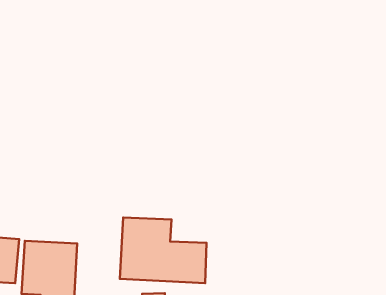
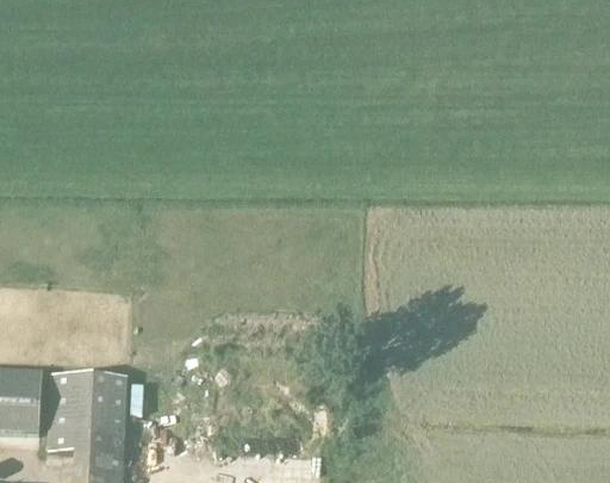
building: [120,218,207,283] -> none

